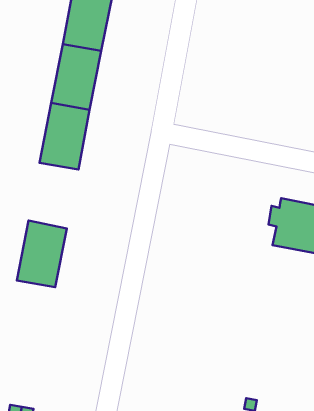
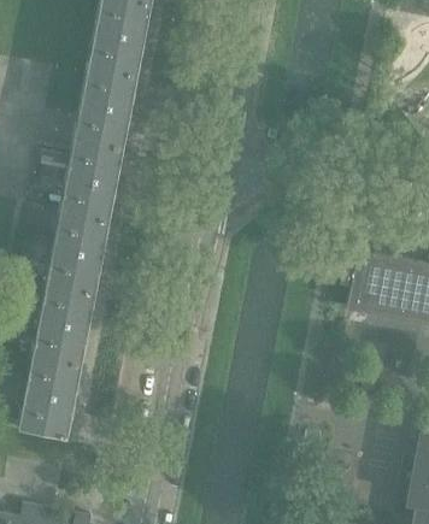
building: none -> [48,208,110,289]
building: none -> [20,353,81,434]

